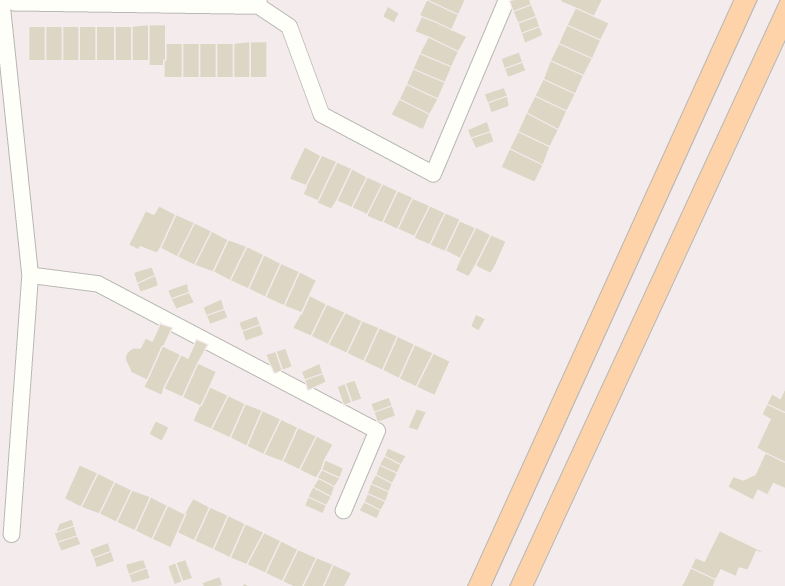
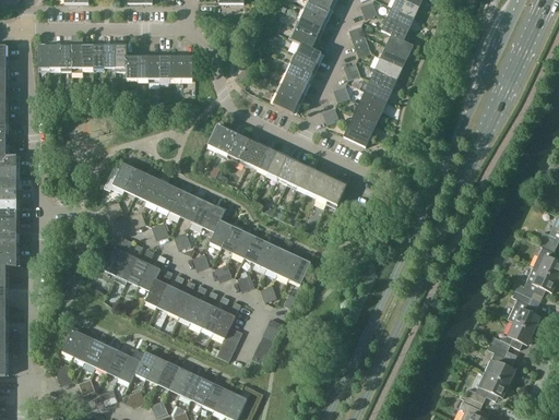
building: none -> [484,343,514,384]

